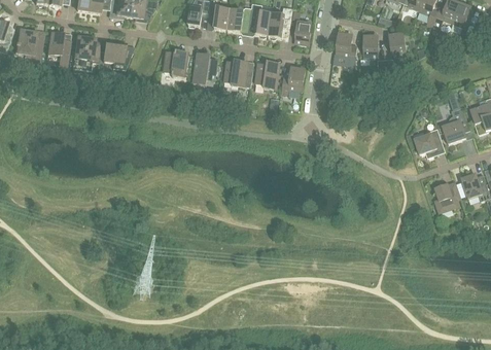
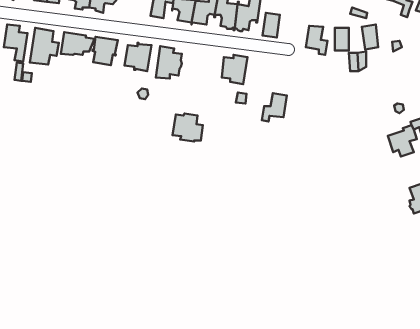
building: none -> [93,37,118,65]
building: [223,60,252,86] -> [173,113,203,142]
building: [281,67,305,94] -> [262,93,287,121]

